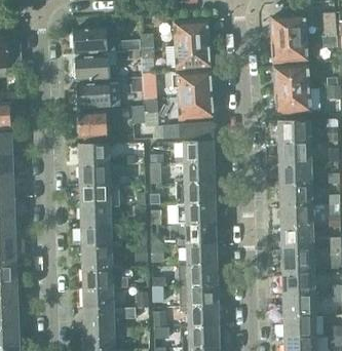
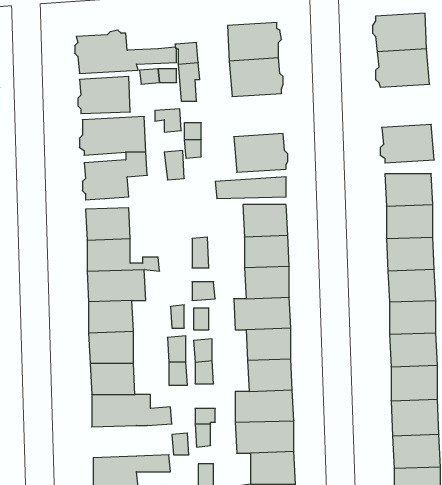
building: [272,64,308,89] -> none
building: [176,71,212,95] -> none
building: [82,287,112,309] -> none

